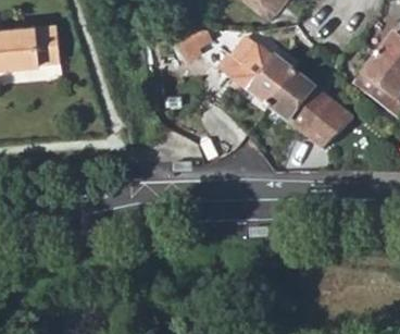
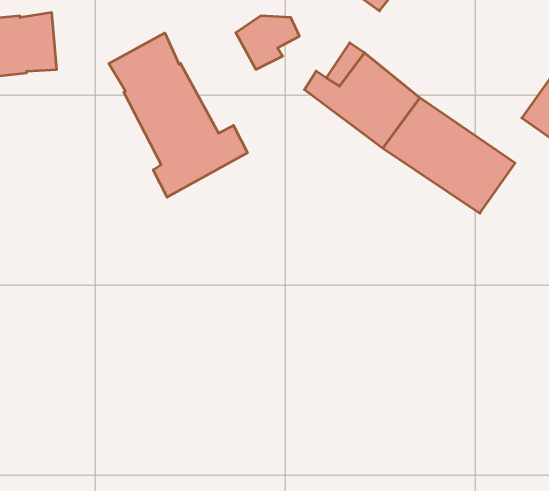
building: none -> [109,33,247,197]

